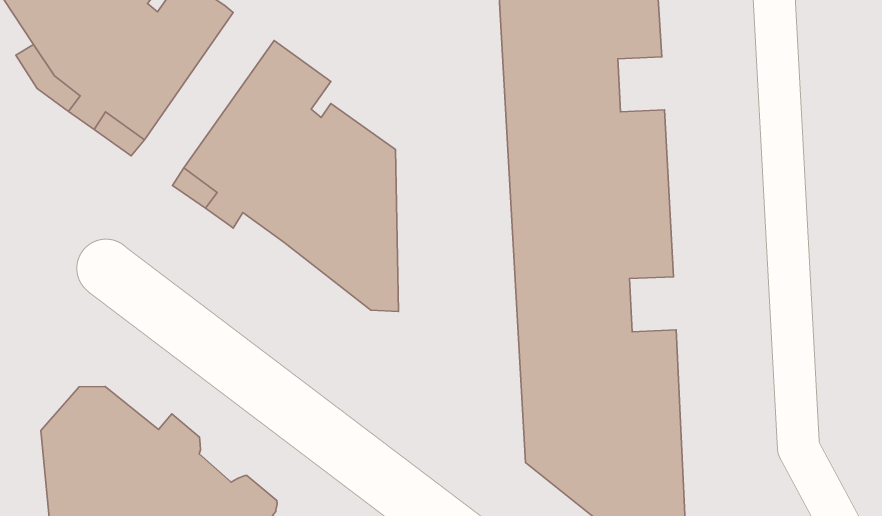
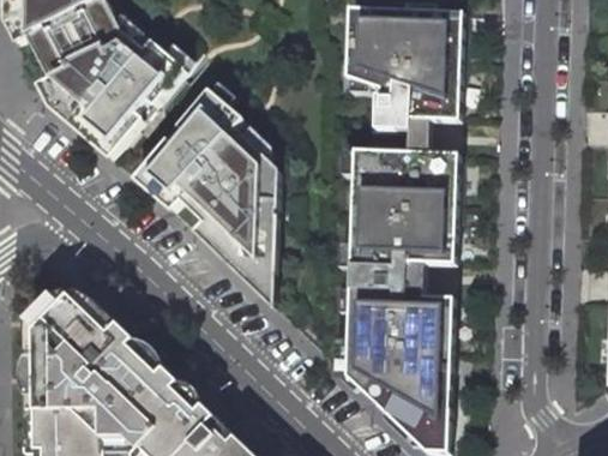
building: none -> [192,217,272,302]

